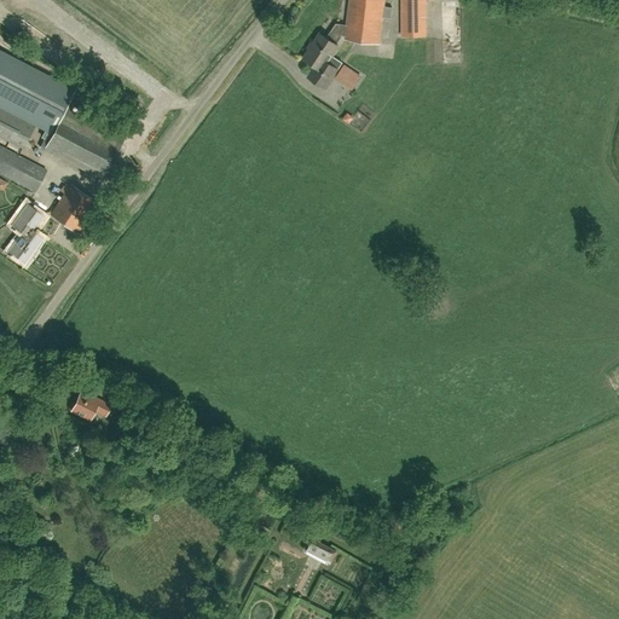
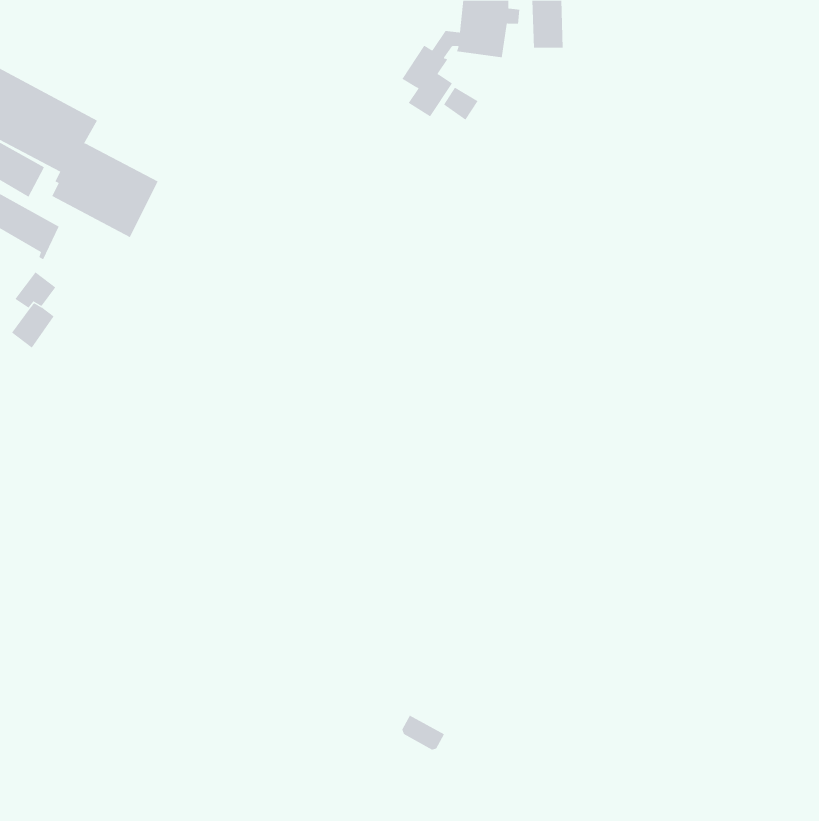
building: [50,184,97,232] -> none
building: [70,393,109,420] -> none

